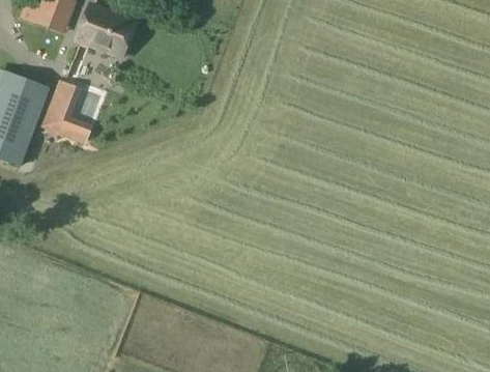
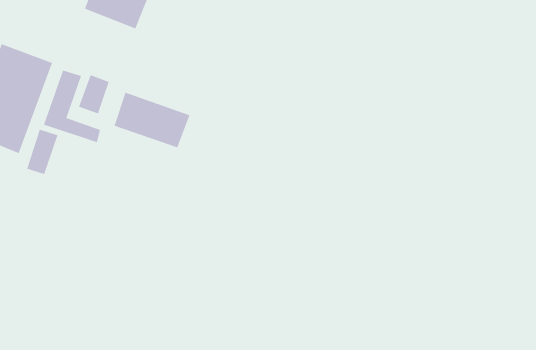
building: none -> [114,92,190,148]
building: none -> [26,129,58,175]

